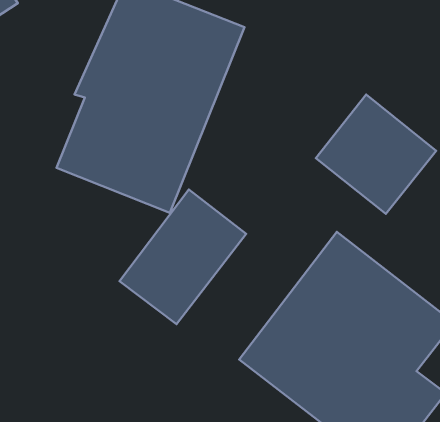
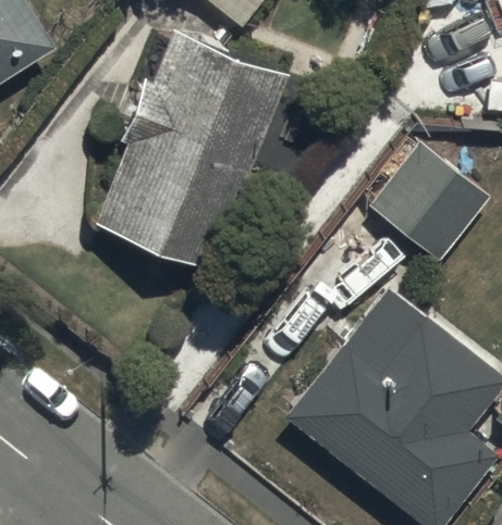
building: [119,190,246,324] -> none

